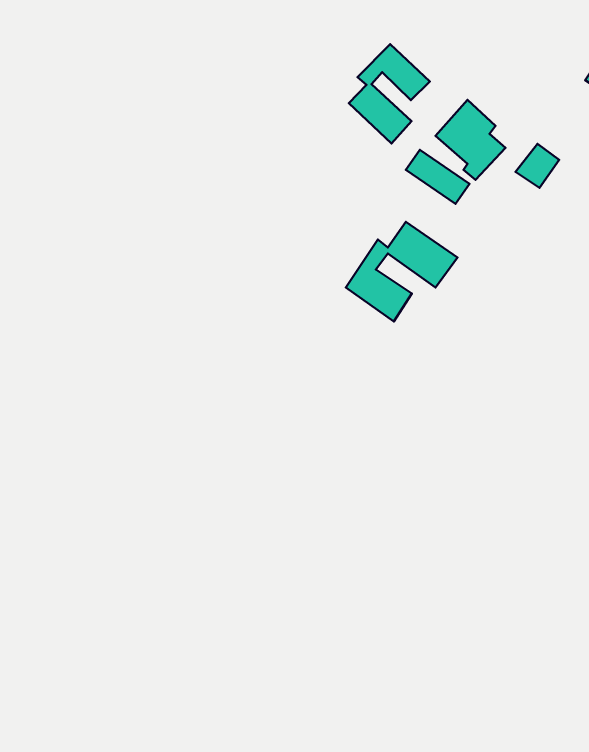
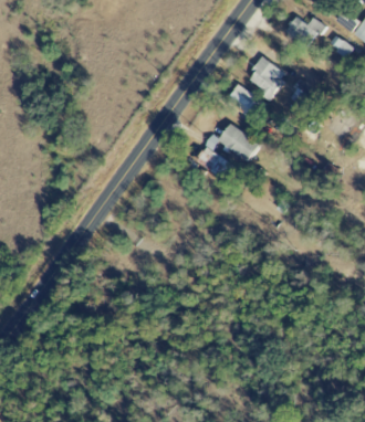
building: none -> [286,15,324,44]
building: [349,44,430,144] -> none

